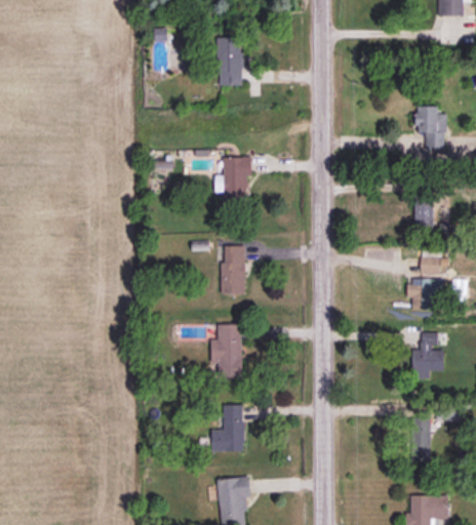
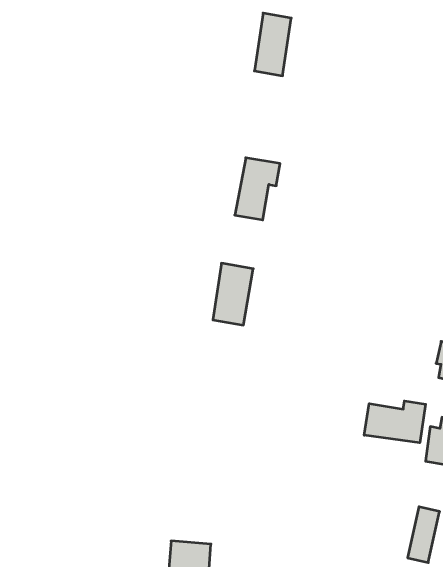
building: [211,324,242,377] -> none
building: none -> [364,401,426,443]
building: [211,404,244,451] -> none

